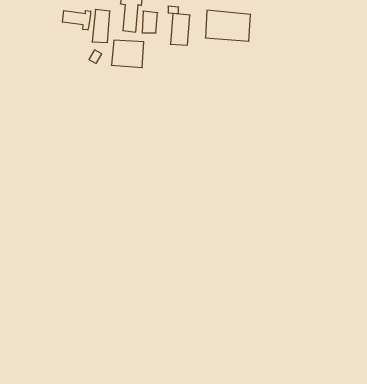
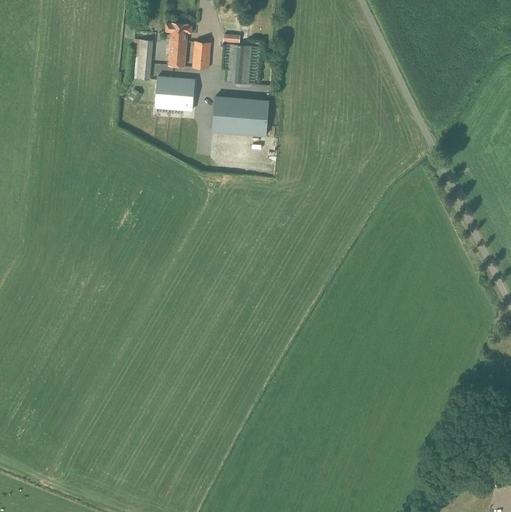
building: [205,10,251,41] -> [213,96,269,134]
building: [63,11,91,30] -> none

